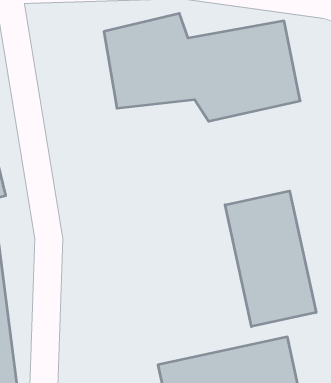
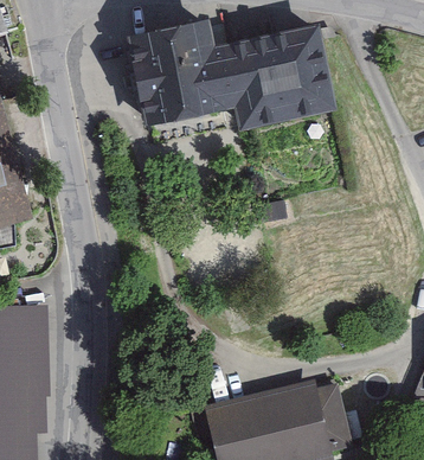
building: [225,191,316,327] -> none

